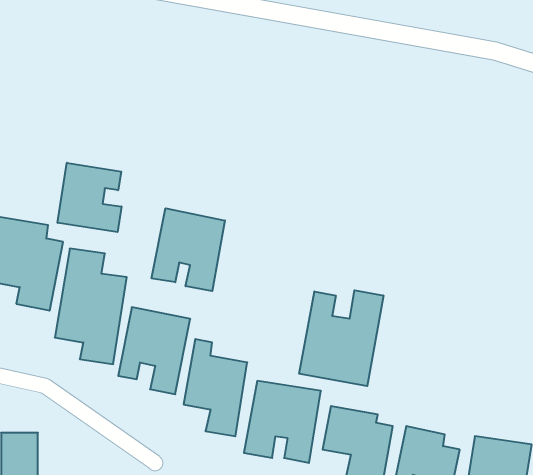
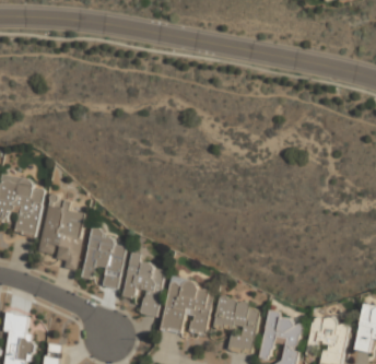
building: [58,163,121,232] -> none
building: [152,208,225,291] -> none
building: [299,290,383,386] -> none

